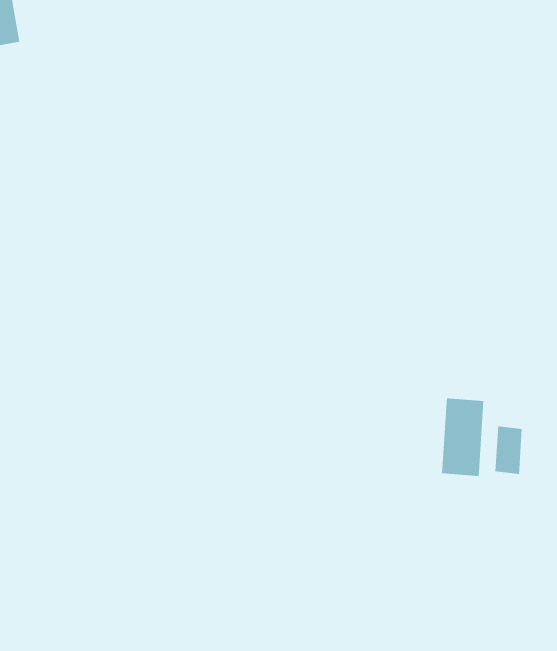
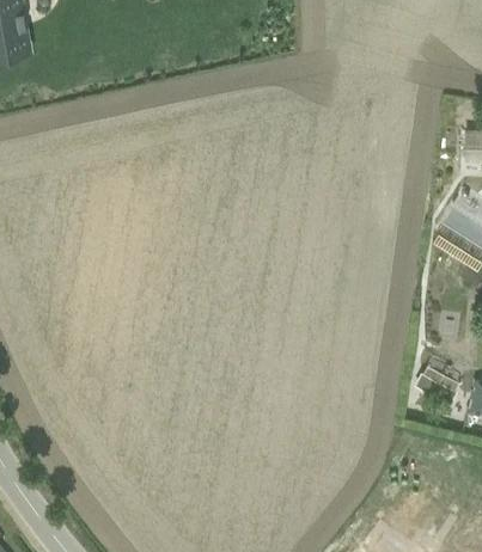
building: [441,398,484,477] -> none

